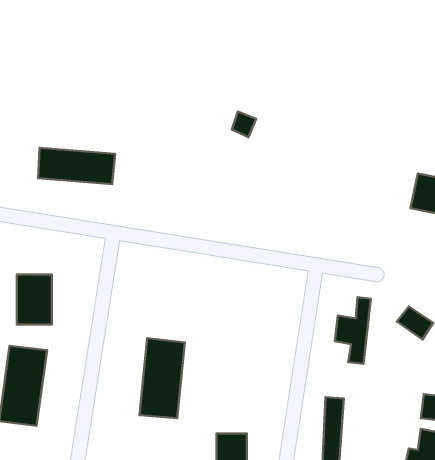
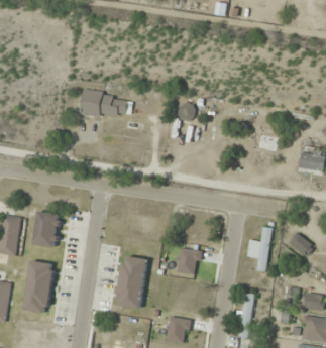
building: [38,148,115,184] -> [80,93,131,117]
building: none -> [177,248,200,275]

